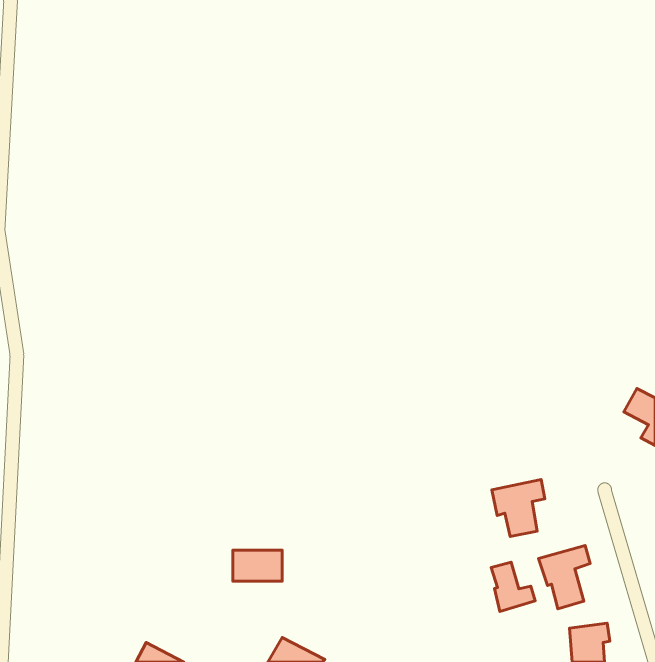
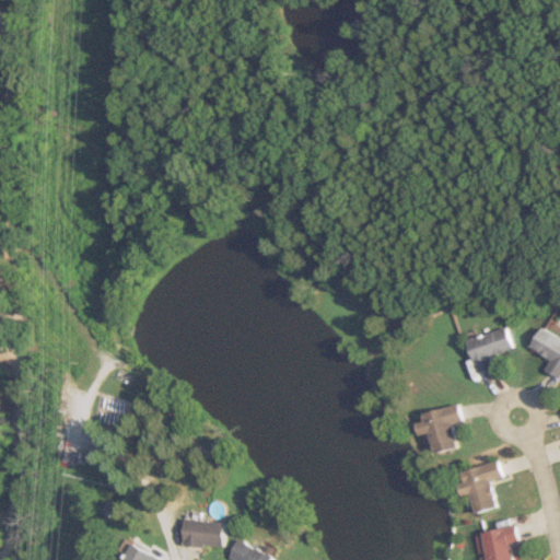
building: none -> [464,327,510,374]
building: [233,550,282,581] -> [180,520,222,546]
building: [491,562,535,611] -> none

